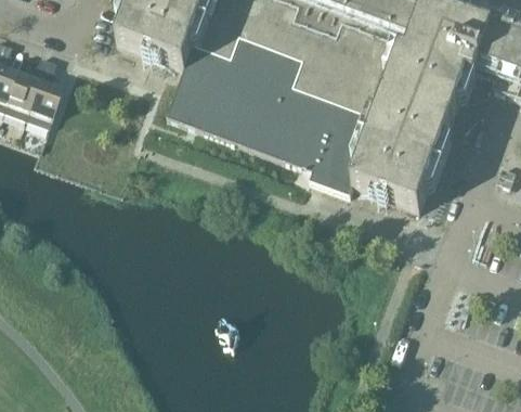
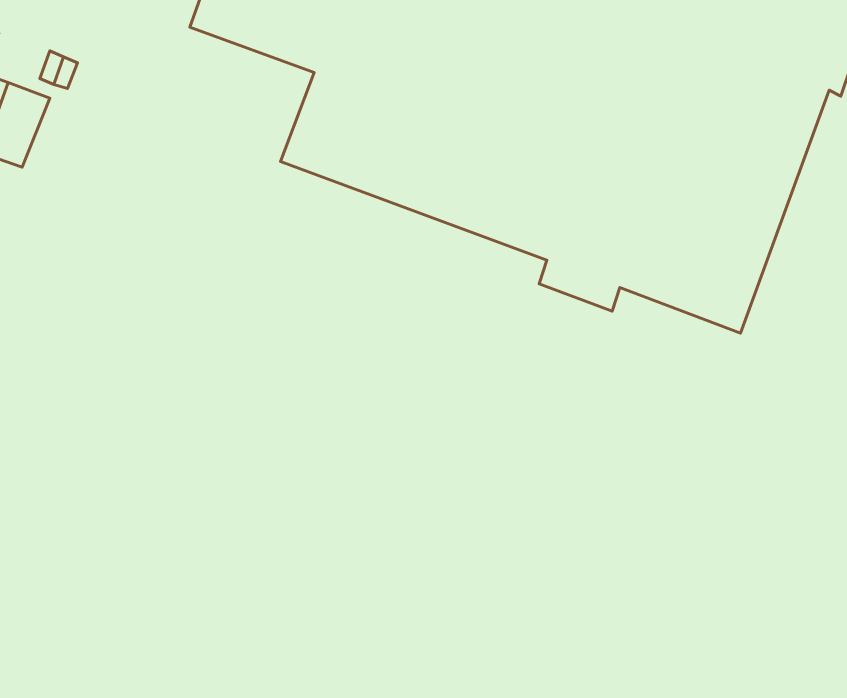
building: [25,80,63,127] -> none

